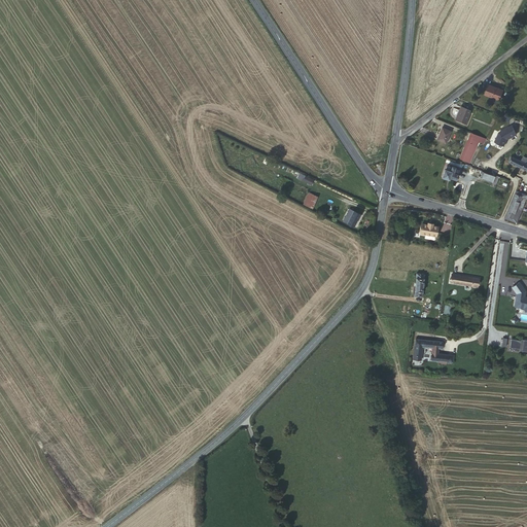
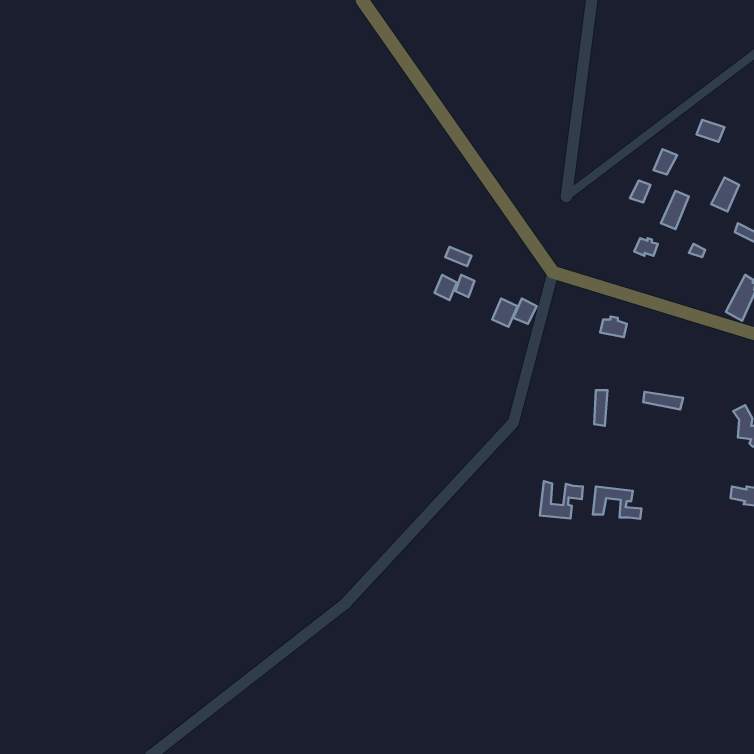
building: none -> [540,481,583,519]

